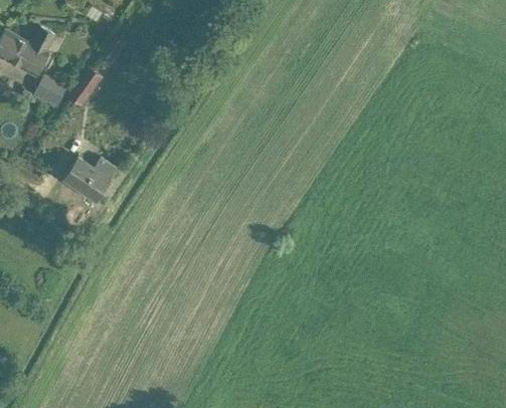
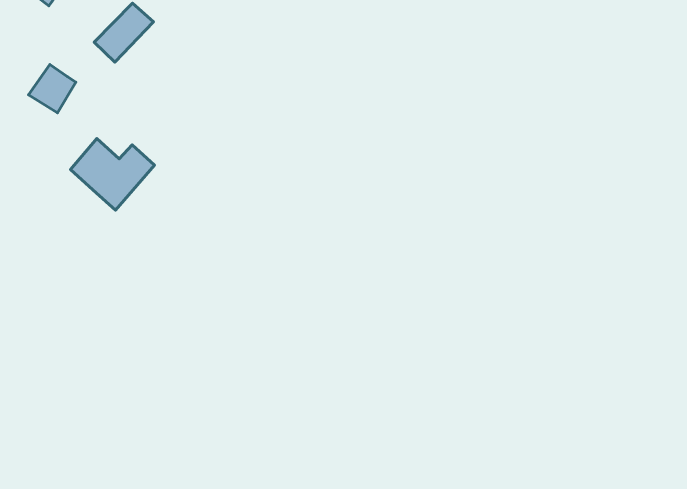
building: [38,77,67,108] -> [28,65,76,113]

